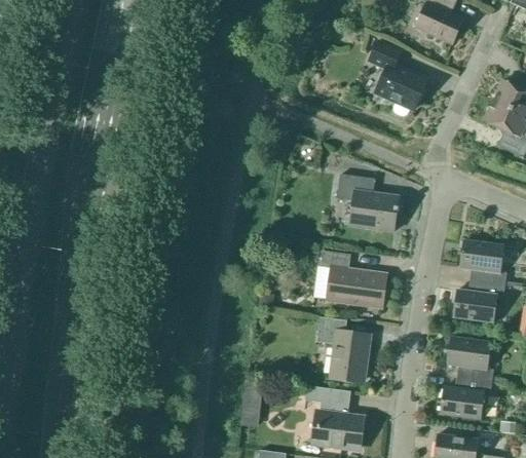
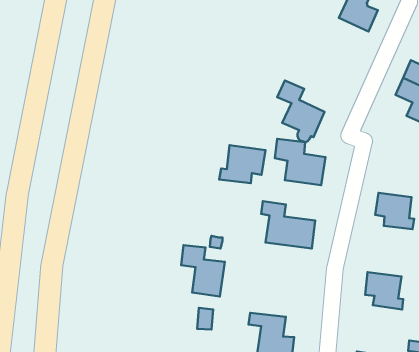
building: [369,41,426,116] -> [277,80,325,142]
building: none -> [219,145,265,183]
building: [453,280,504,322] -> none
building: [316,317,370,380] -> [181,245,225,297]
building: [440,377,492,419] -> none

